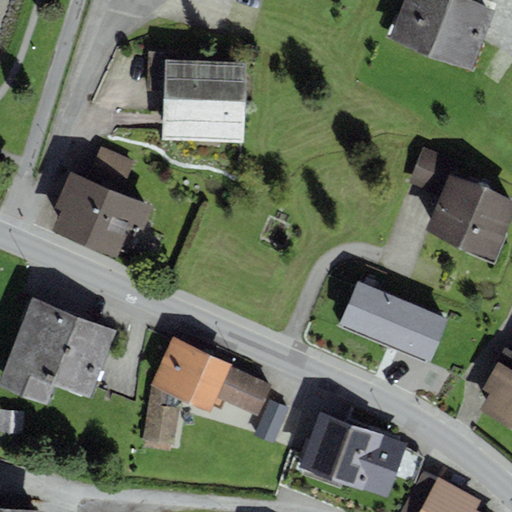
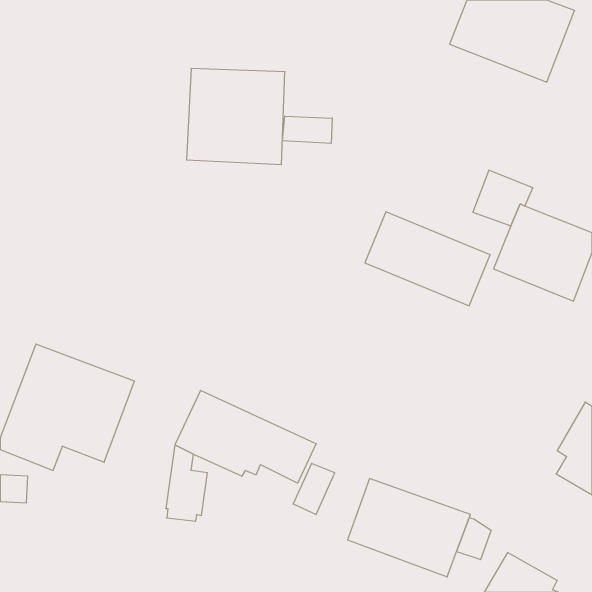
building: none -> [282,116,332,143]
building: [53,145,154,258] -> none
building: [339,280,447,361] -> [365,212,490,306]

